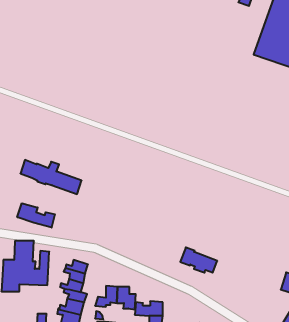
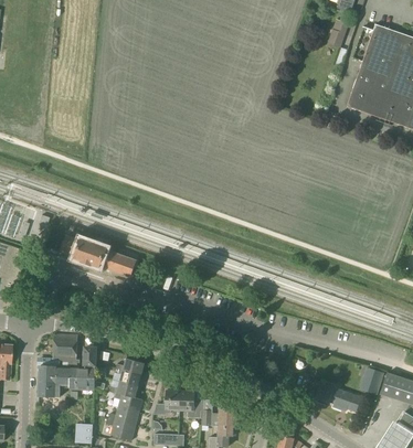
building: [17,203,55,228] -> none
building: [180,247,217,273] -> [316,381,361,412]
building: none -> [359,366,384,394]

